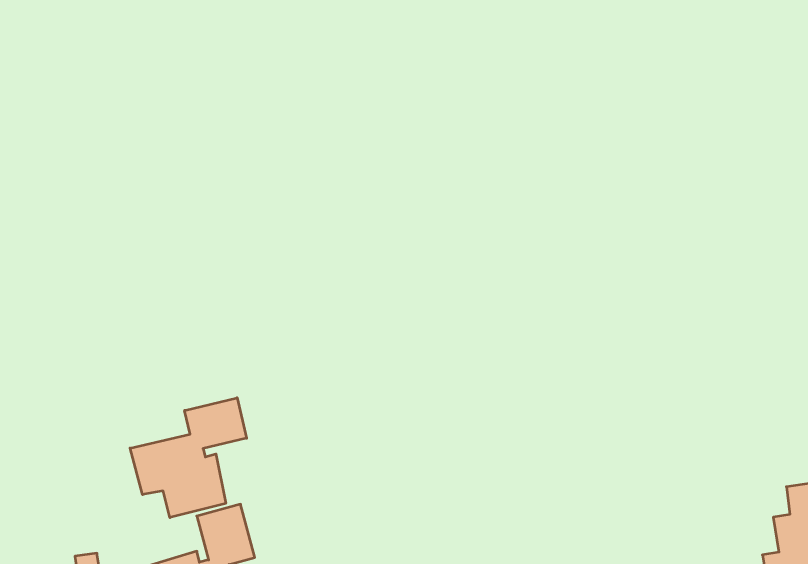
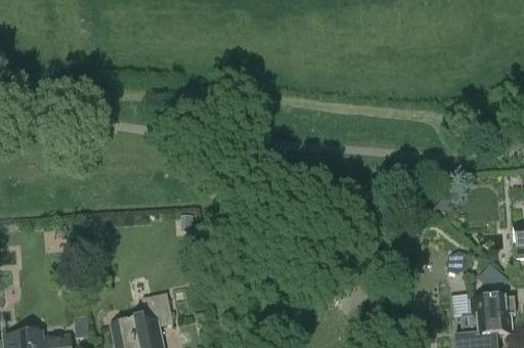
building: [130,398,247,518] -> none

